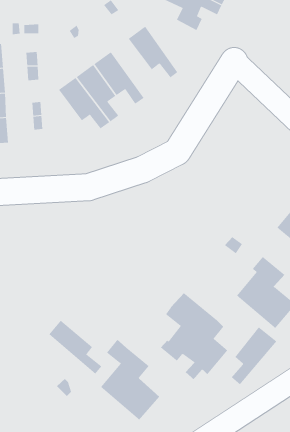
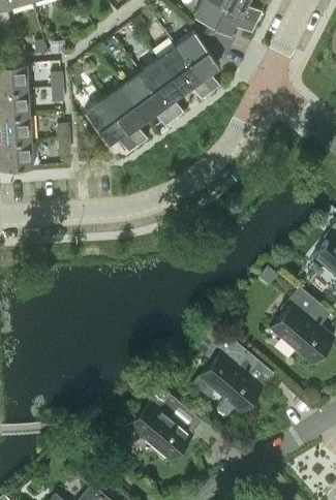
building: none -> [177,33,231,94]
building: none -> [141,59,185,121]
building: [48,320,102,374] -> none
building: [231,326,277,385] -> none

